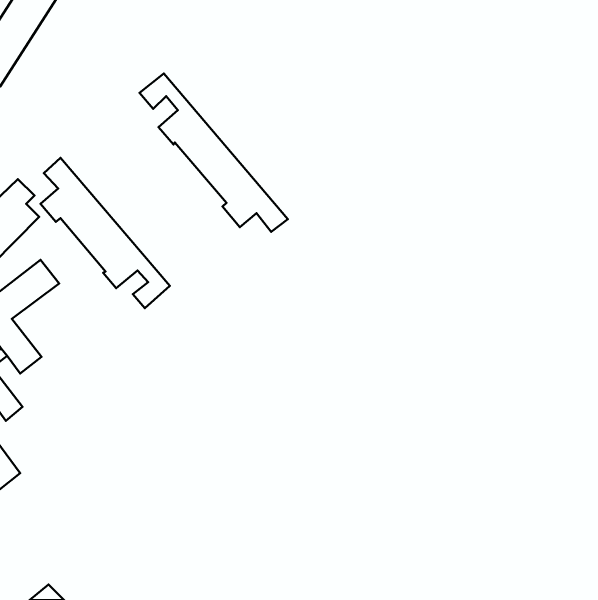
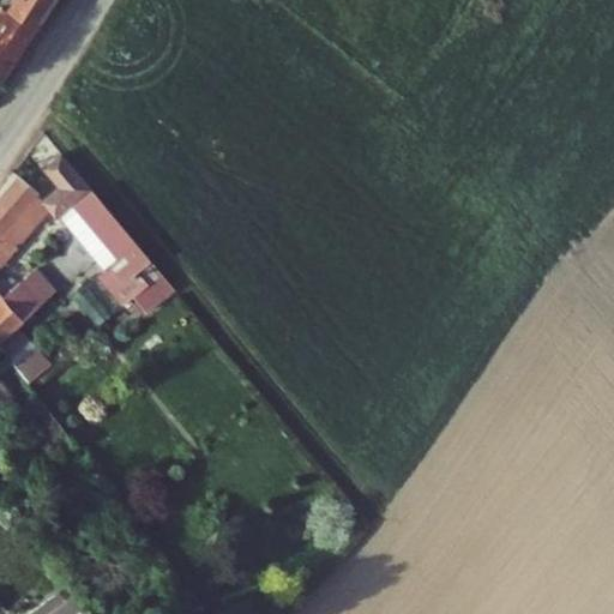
building: [140,74,288,232] -> none

